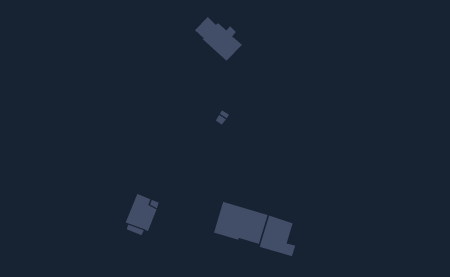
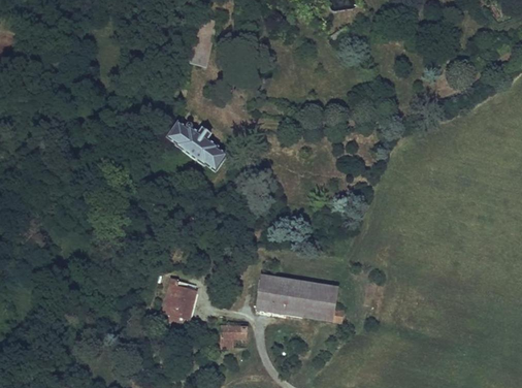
building: [194,16,243,62] -> [166,121,219,165]
building: none -> [221,325,247,347]

